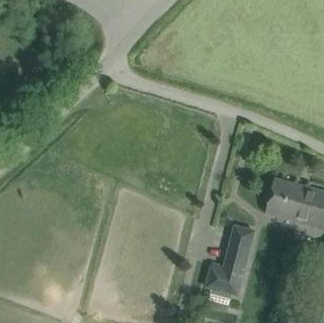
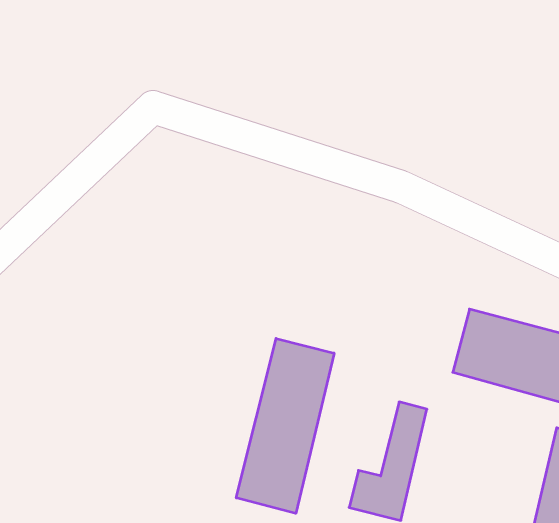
building: none -> [236,338,334,513]

